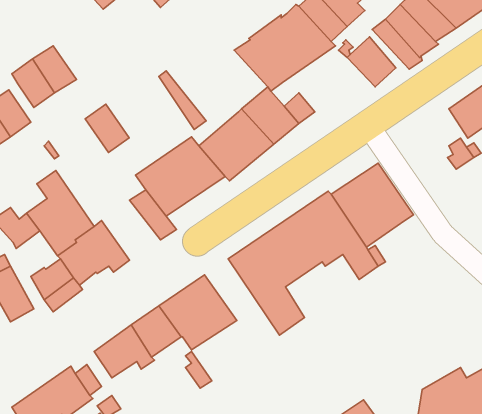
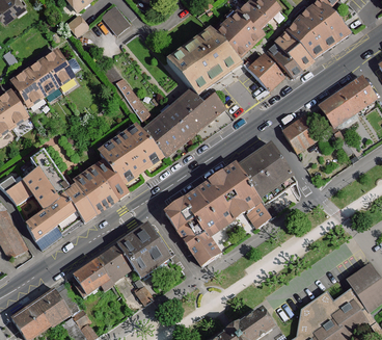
building: [85,104,129,153] -> [40,51,72,85]
building: none -> [281,116,318,153]
building: none -> [75,171,116,213]

